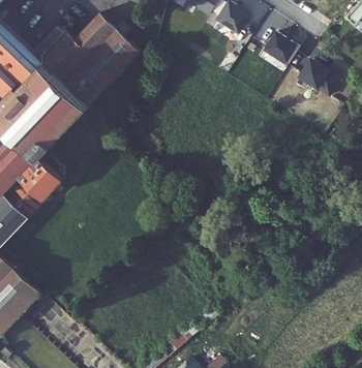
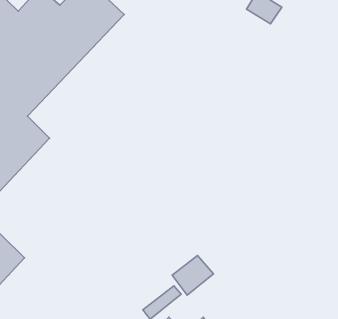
building: [298,57,340,93] -> none
building: none -> [172,256,213,295]

